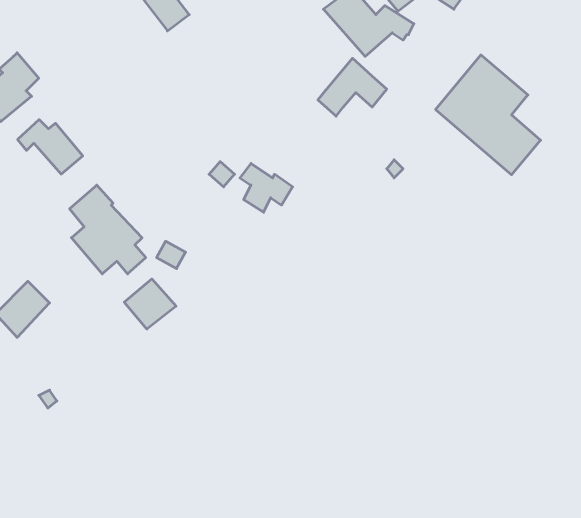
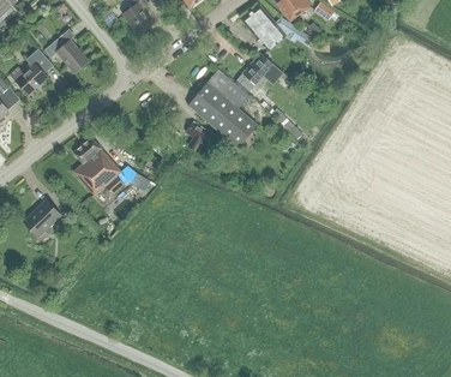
building: [436,55,541,175] -> [188,68,258,148]
building: [18,120,83,174] -> [46,36,89,72]
building: [124,279,176,329] -> none

